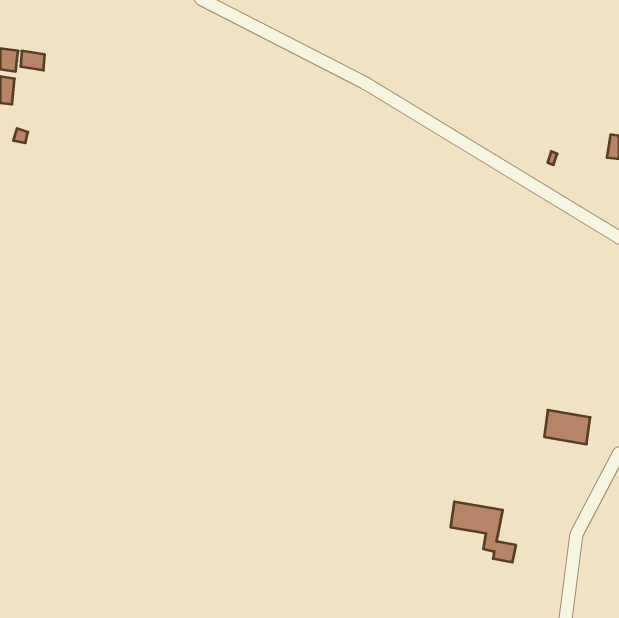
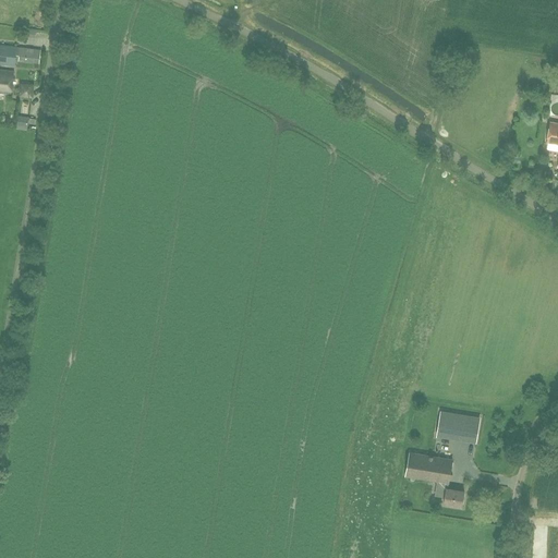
building: [544,410,590,444] -> [437,410,478,440]

